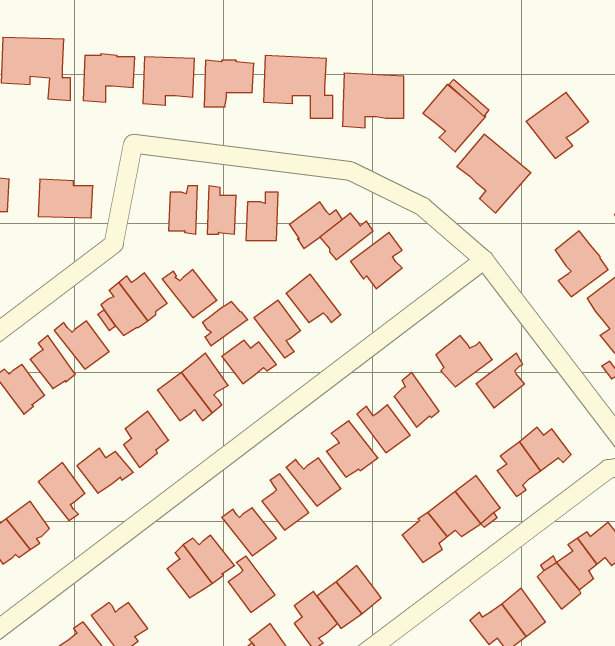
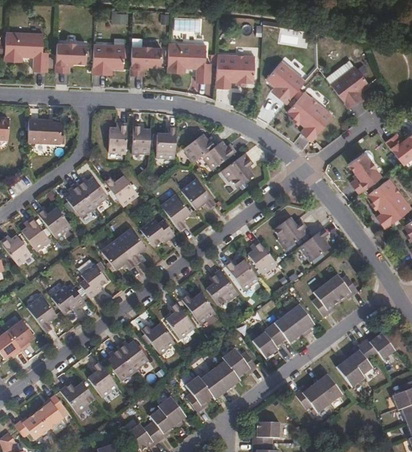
building: [203,301,248,346] -> none
building: none -> [223,348,258,377]
building: [228,556,275,612] -> [88,362,117,397]

